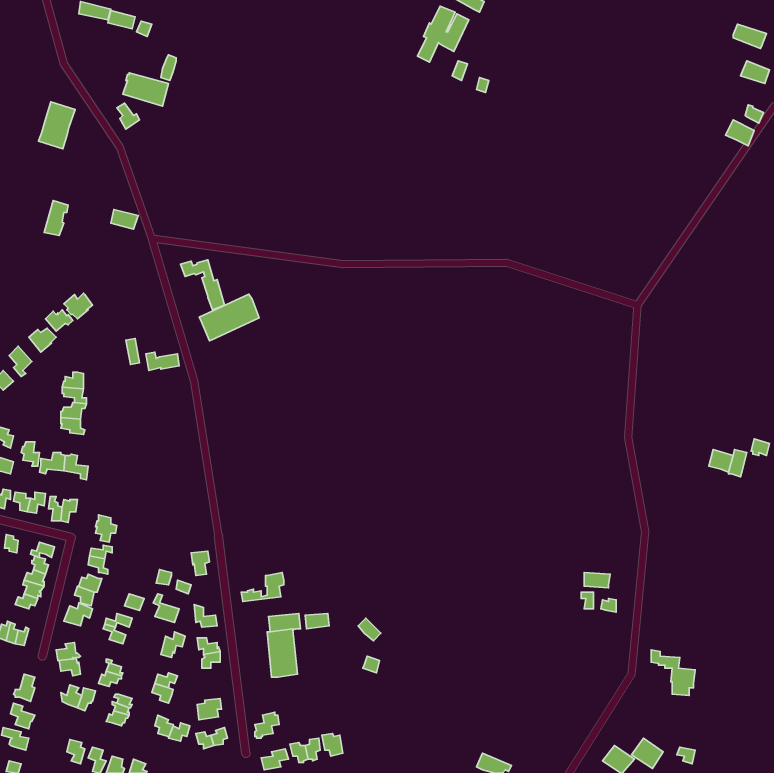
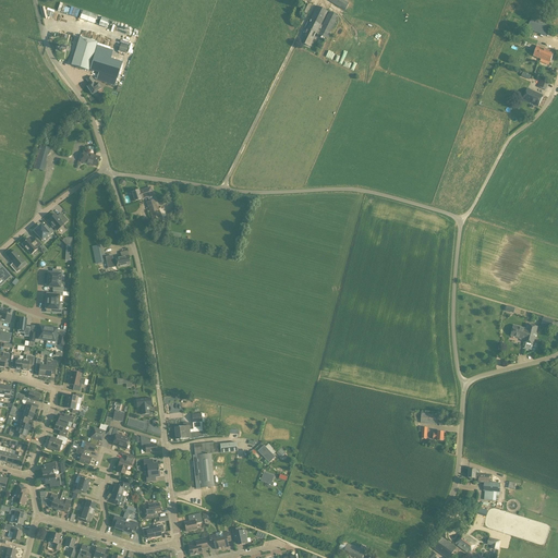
building: [39,102,75,149] -> [70,35,96,69]
building: [199,294,259,341] -> none

